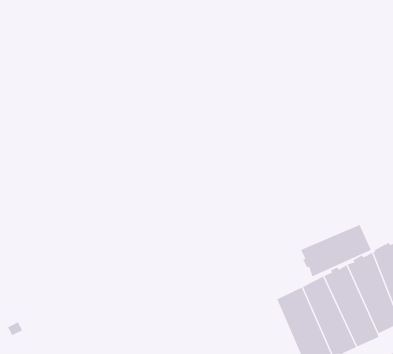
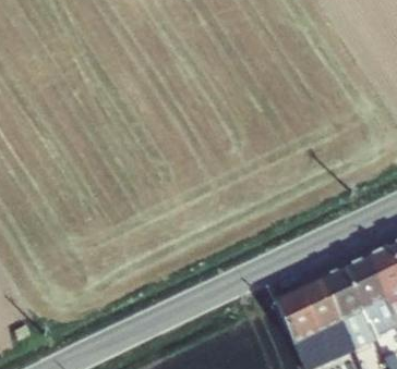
building: [300,224,371,277] -> none

